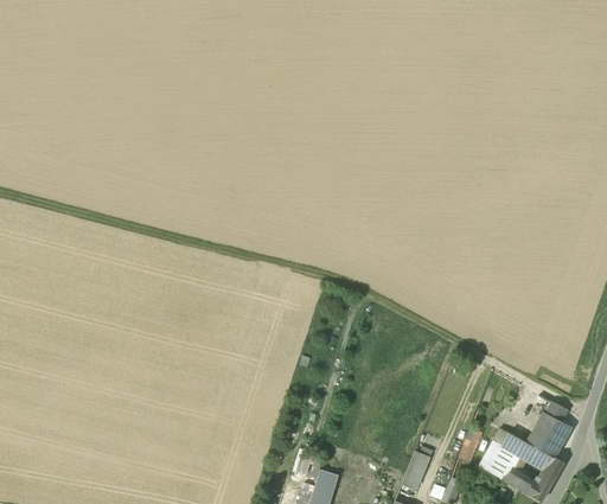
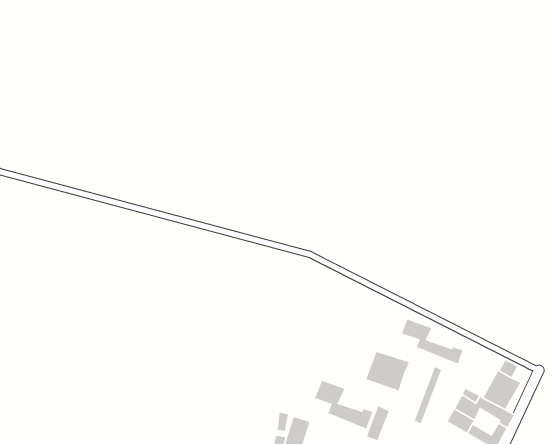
building: none -> [401,319,464,364]
building: none -> [365,349,410,391]
building: none -> [314,380,373,429]

